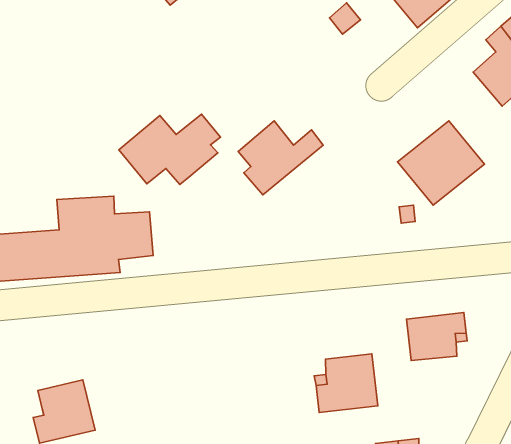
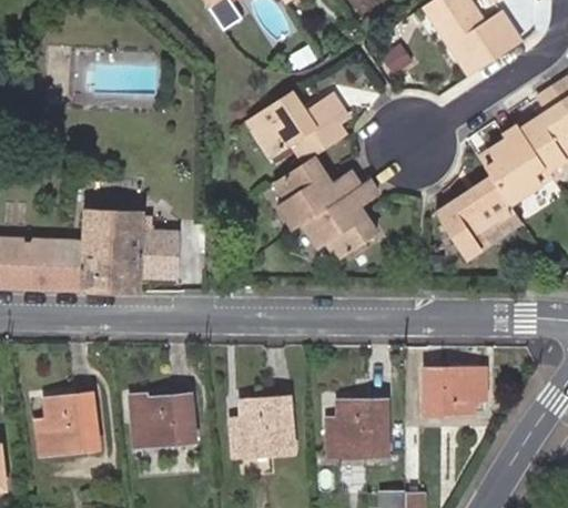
building: none -> [478,128,546,203]
building: [119,114,221,185] -> [246,89,351,161]
building: none -> [303,179,379,258]
building: none -> [231,397,292,454]
building: none -> [132,395,194,446]

